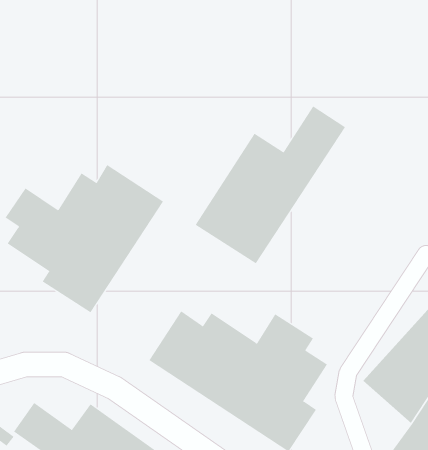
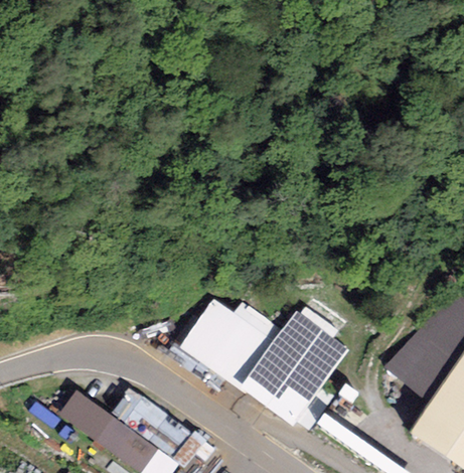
building: [195,105,346,264] -> none
building: [5,164,164,313] -> none

